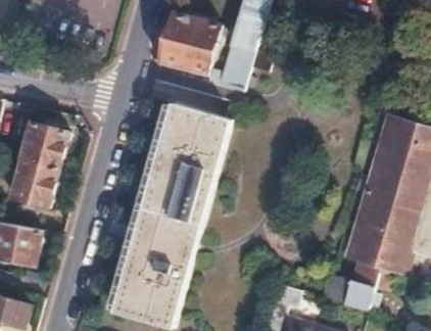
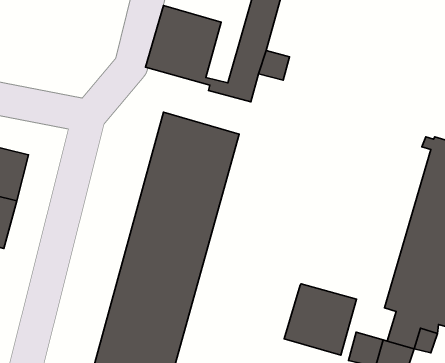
building: none -> [284,284,356,355]

